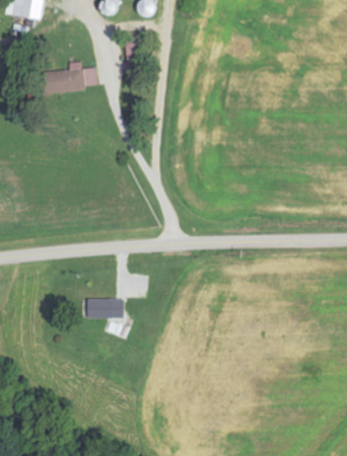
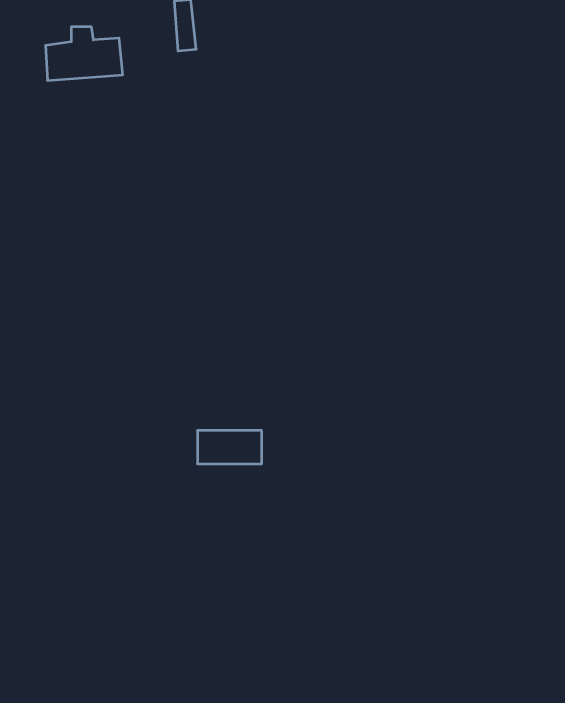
building: [87,300,123,318] -> [197,431,262,464]

